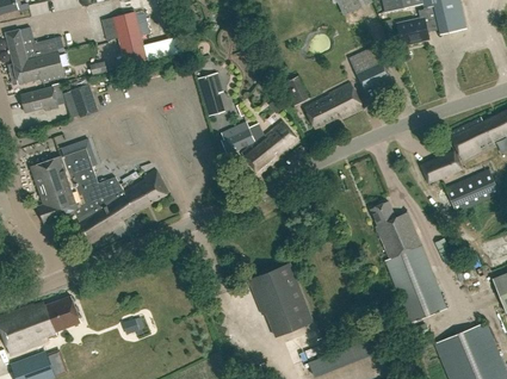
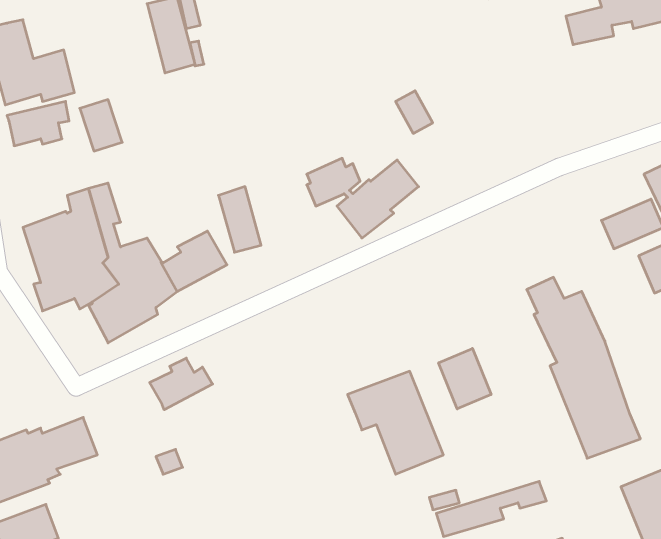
building: [348,45,389,88] -> none
building: [200,72,229,116] -> [218,187,261,252]
building: [304,83,361,129] -> none
building: none -> [439,348,491,409]
building: none -> [150,358,213,410]

